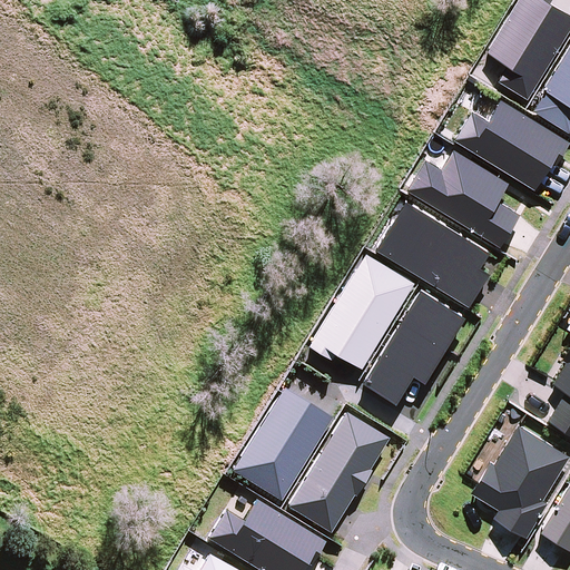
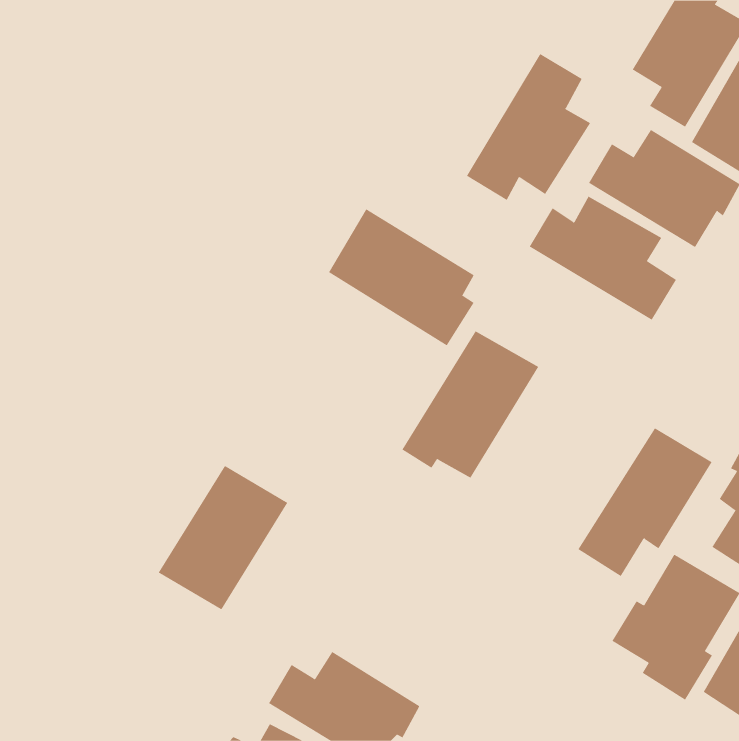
building: none -> [466,53,591,201]
building: [377,200,490,306] -> [328,208,475,346]
building: [363,289,466,404] -> [578,427,712,577]
building: [232,390,332,501] -> [158,465,288,610]
building: [286,413,389,533] -> none

